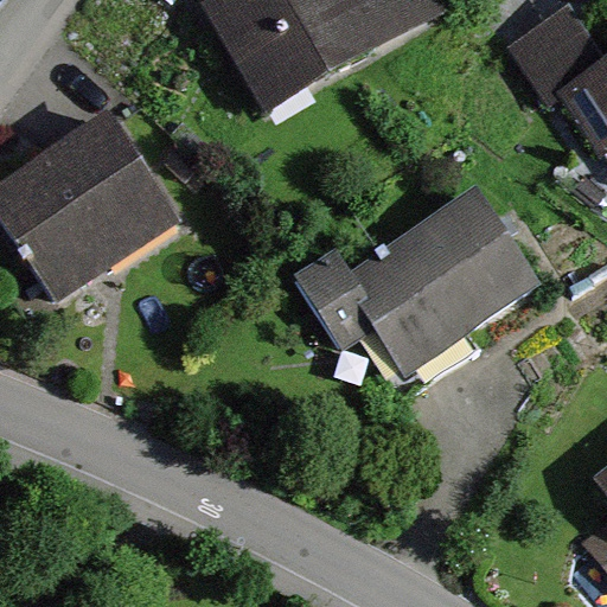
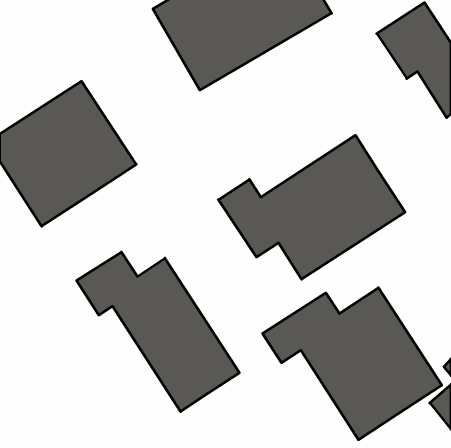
building: none -> [77,252,239,412]
building: none -> [263,288,442,440]

